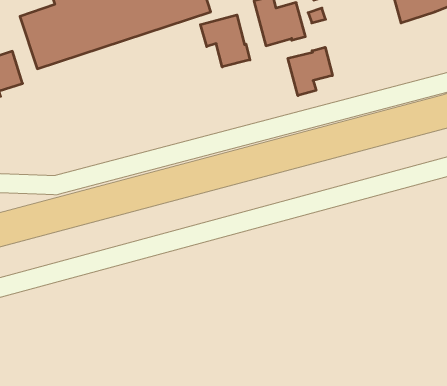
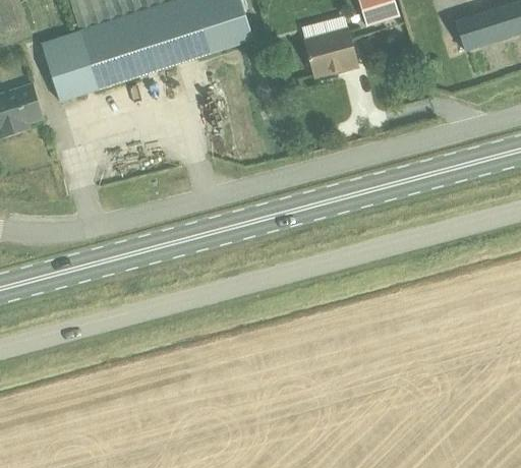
building: [200,15,250,67] -> none
building: [288,47,332,96] -> none

